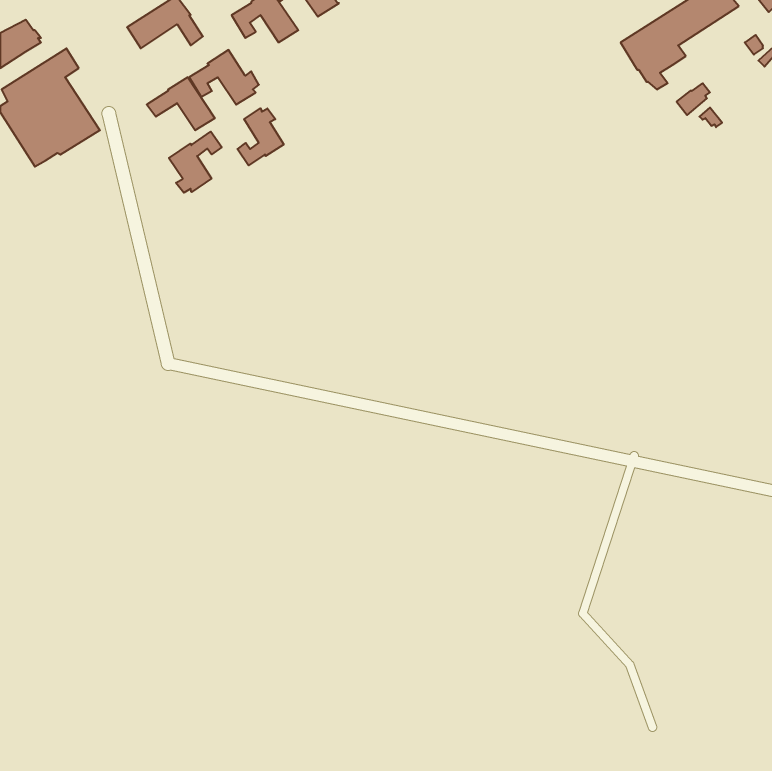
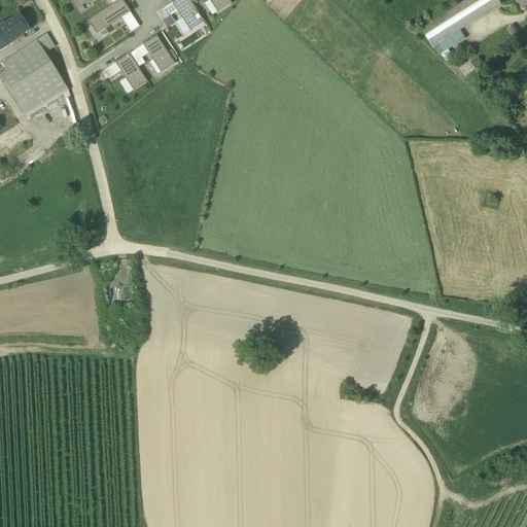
building: [237,108,284,165] -> none
building: [169,132,222,193] -> none

